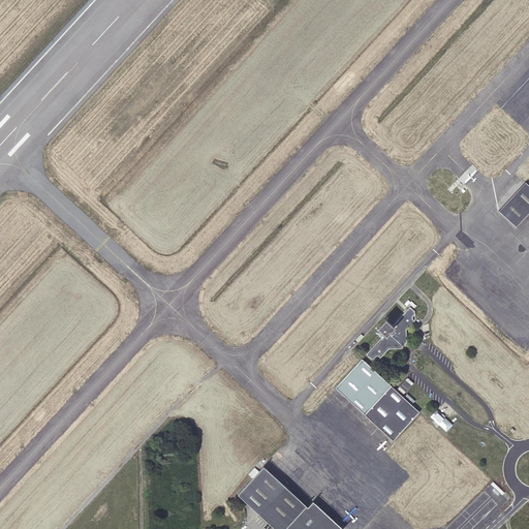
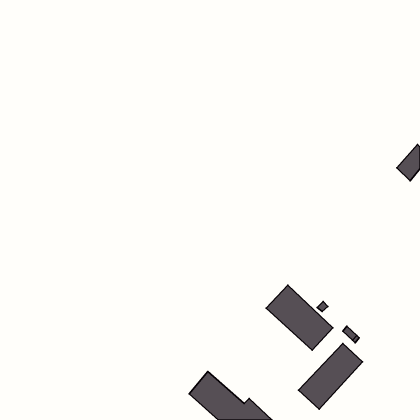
building: [366,307,414,359] -> none
building: none -> [299,343,363,409]

